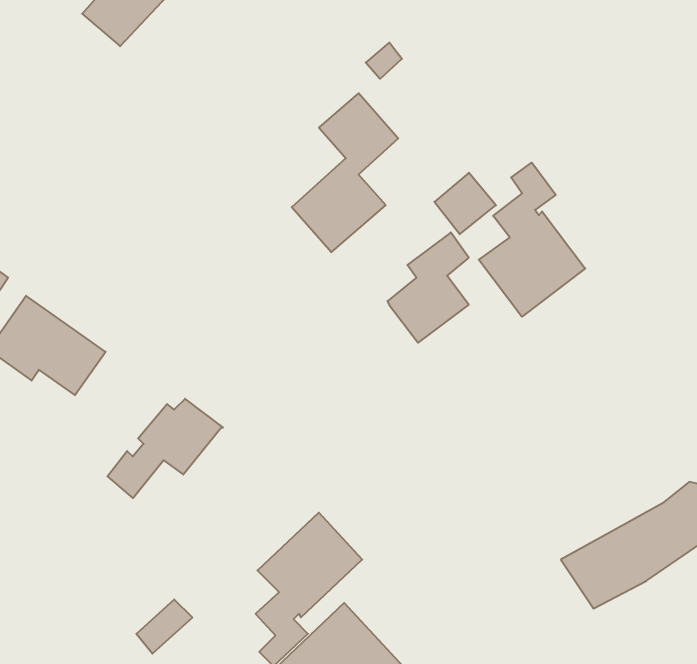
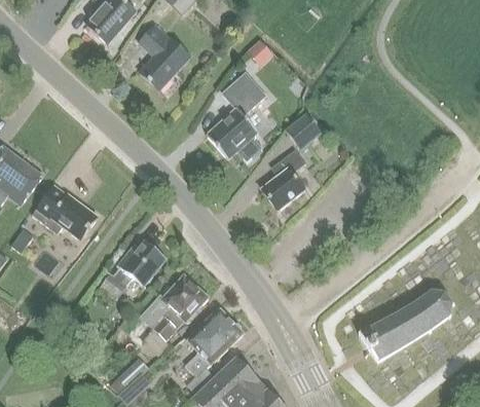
building: none -> [139,23,192,89]
building: [479,163,585,317] -> none
building: none -> [140,273,210,341]

